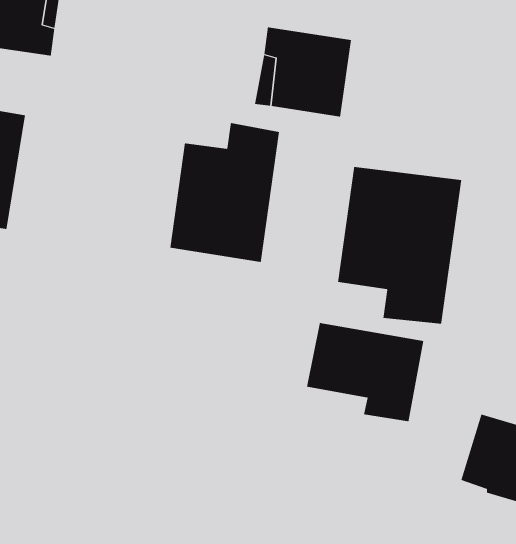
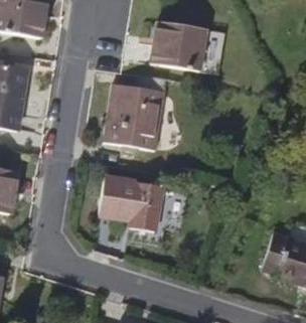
building: [337,166,462,324] -> none
building: [306,322,424,422] -> [98,175,162,229]

